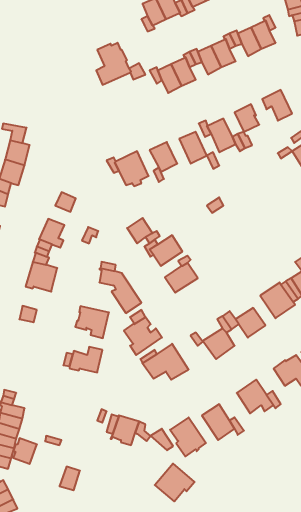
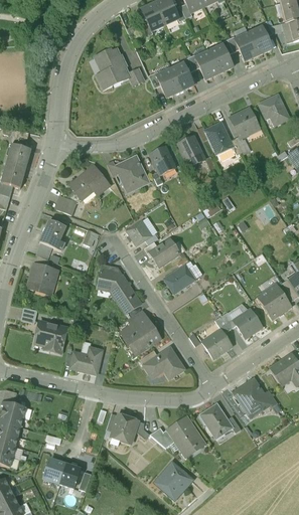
building: none -> [69,165,109,197]
building: [75,306,109,338] -> [33,322,66,353]
building: [13,438,37,464] -> [43,459,66,484]

